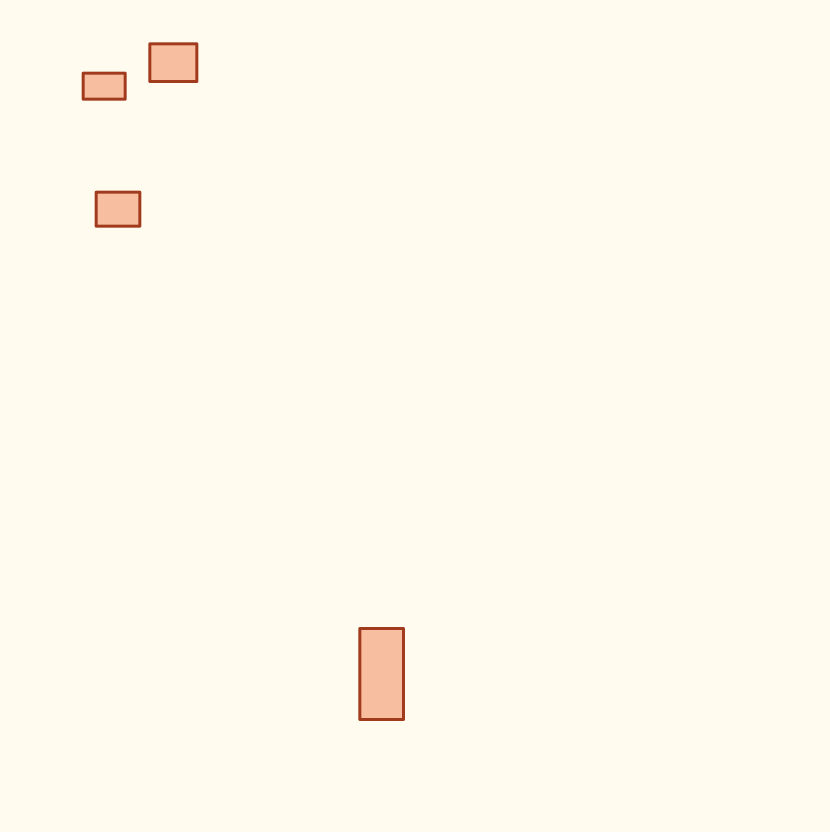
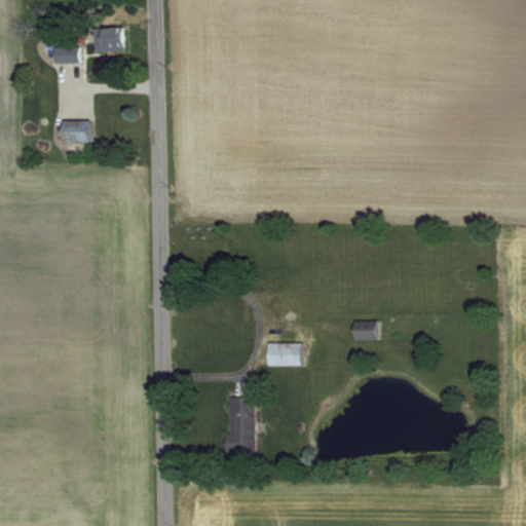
building: none -> [353,322,376,340]
building: none -> [266,342,300,366]

